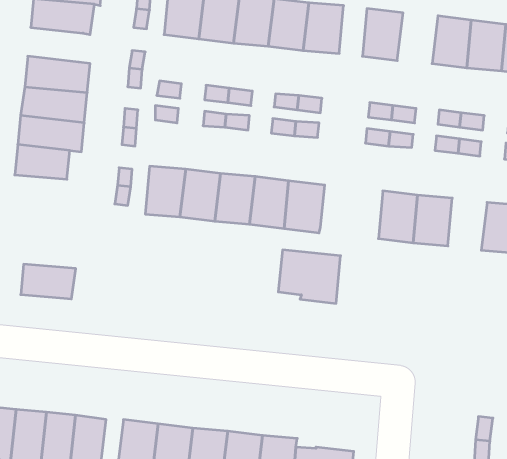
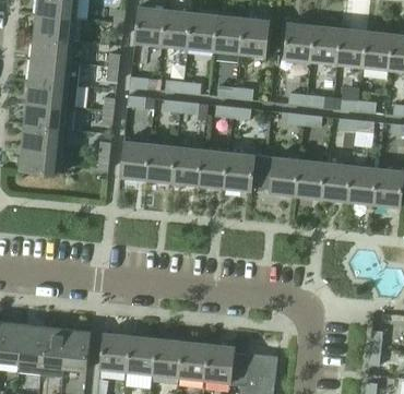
building: none -> [309,25,340,63]
building: none -> [31,36,72,62]
building: none -> [347,165,377,204]
building: [278,250,341,303] -> [251,155,298,195]
building: [21,264,76,299] -> [19,147,60,174]

